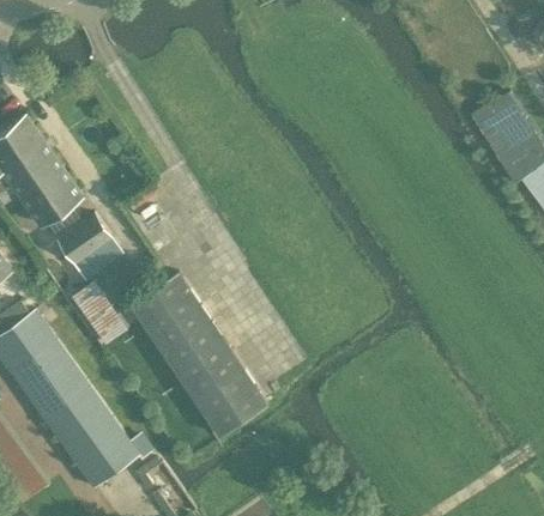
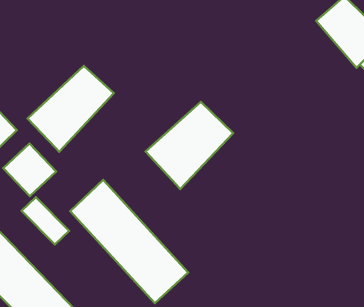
building: none -> [28,66,114,152]
building: none -> [146,102,233,189]

